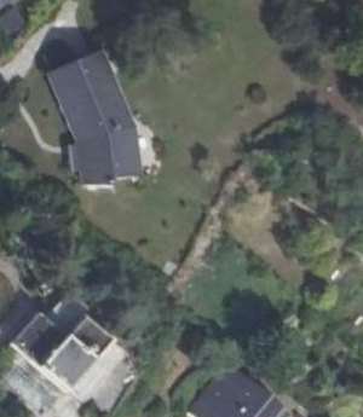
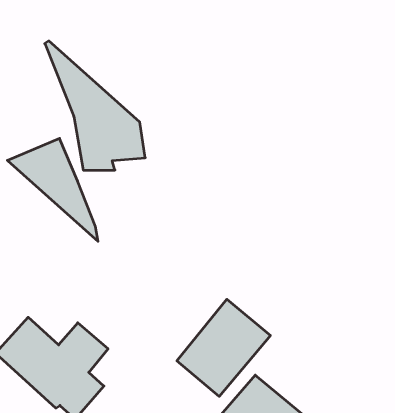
building: [54,51,134,141] -> [7,138,98,241]
building: none -> [177,299,270,396]

